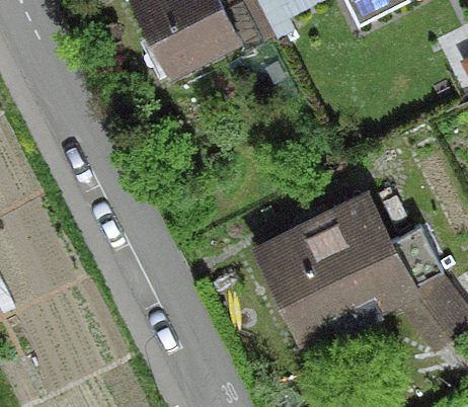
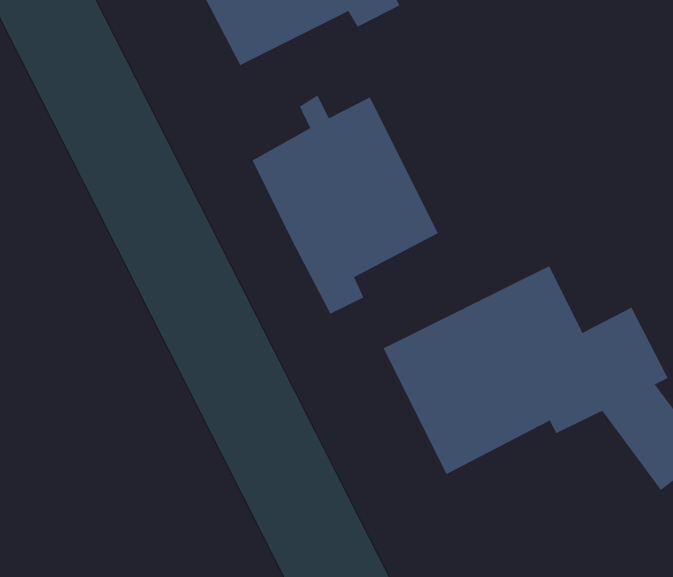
building: none -> [252,95,438,315]

